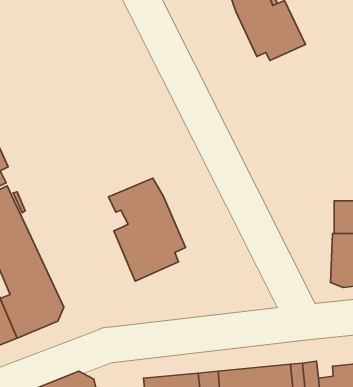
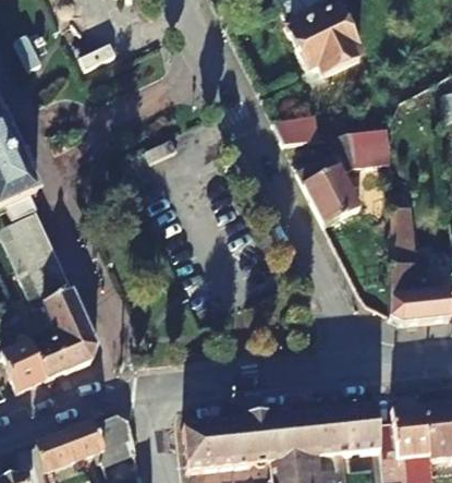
building: none -> [273,119,319,147]
building: none -> [296,131,390,230]
building: [109,178,186,281] -> none

